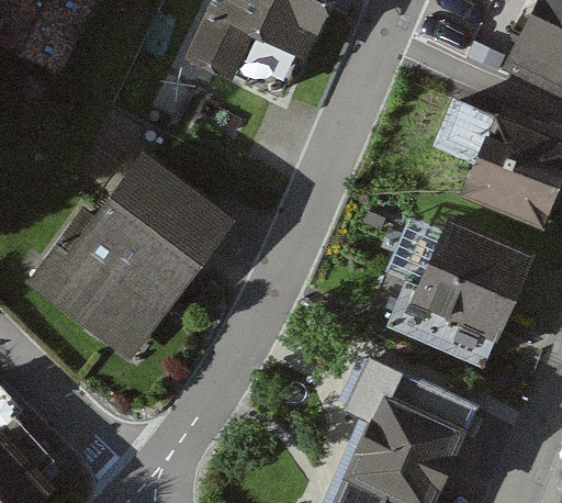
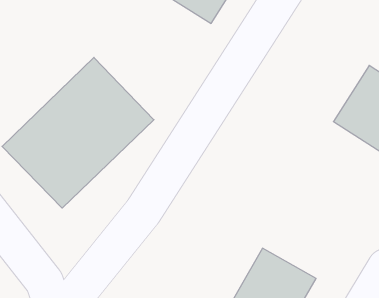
building: [403,222,526,365] -> none

